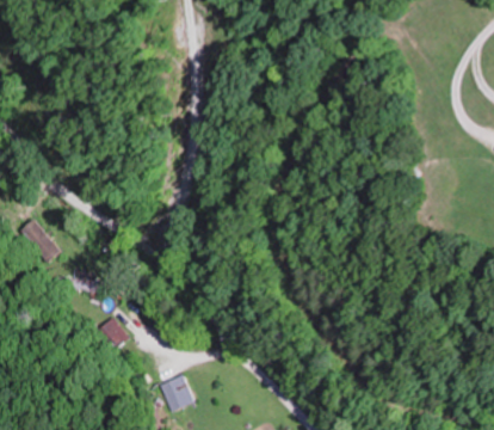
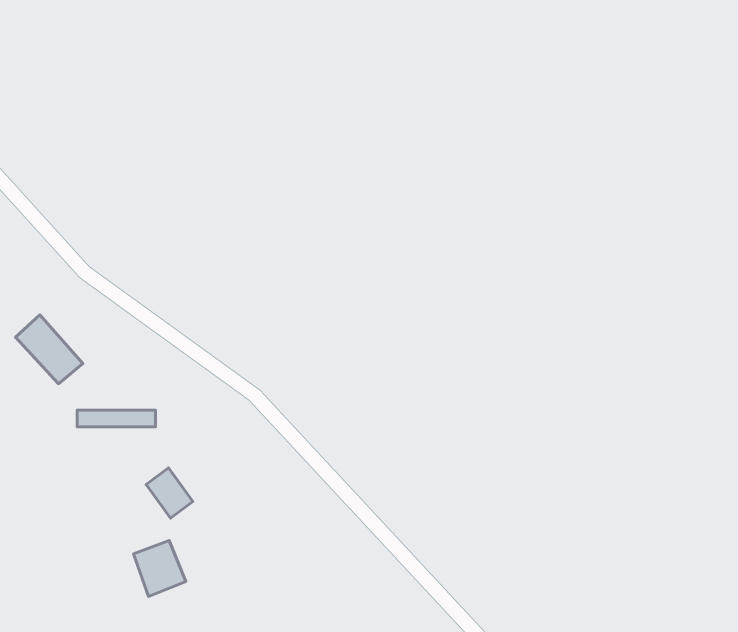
building: [161,375,194,411] -> [134,541,186,597]

